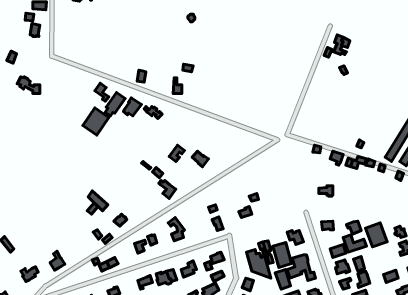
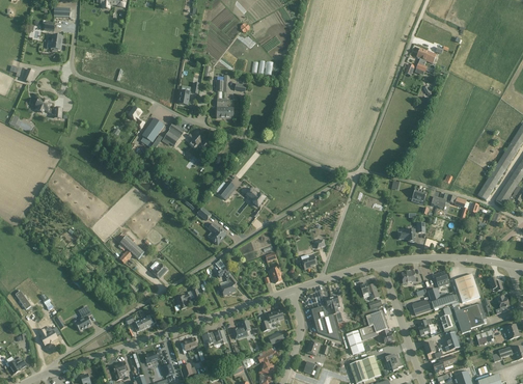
building: [83,108,109,135] -> none
building: [273,243,292,267] -> none
building: none -> [452,302,486,333]

